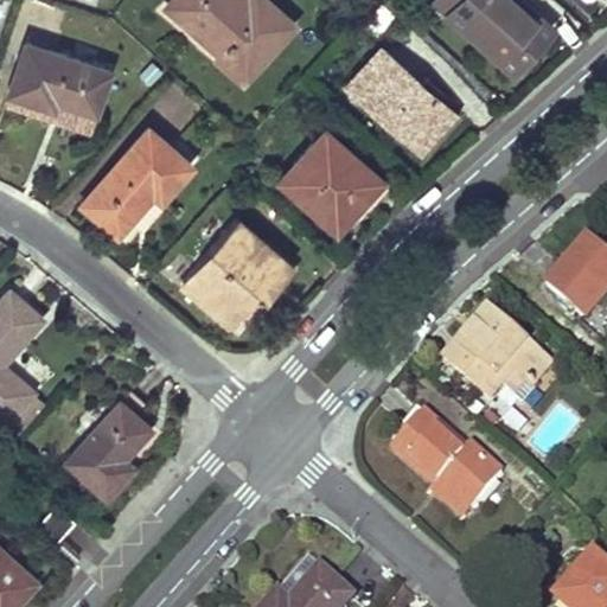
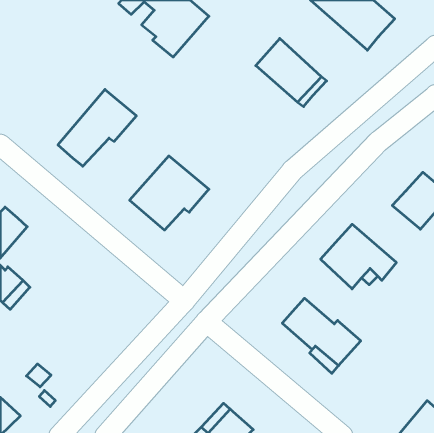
building: [8,45,108,115] -> none
building: [279,130,382,225] -> none
building: [65,394,147,498] -> none

